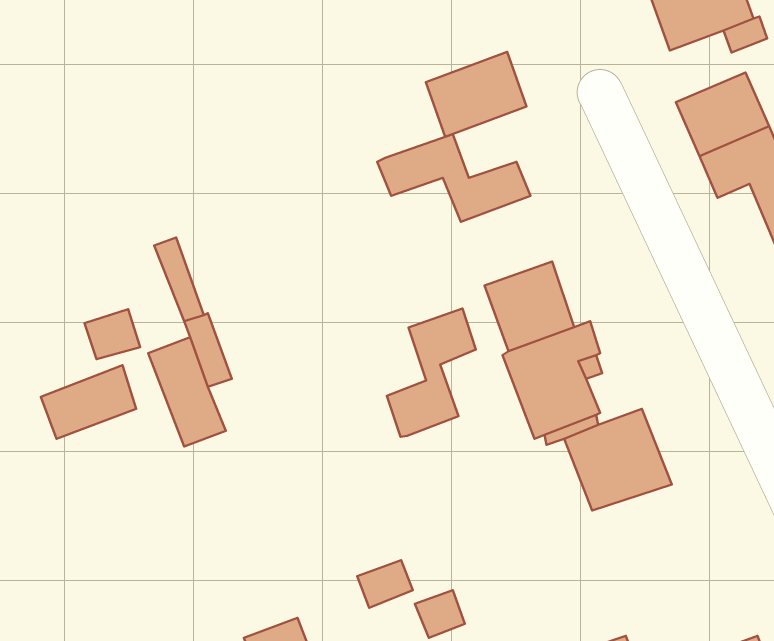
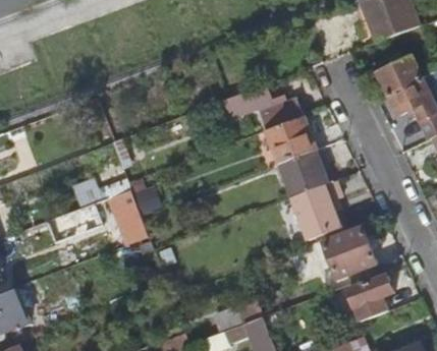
building: [426,52,527,137] -> none
building: none -> [267,117,315,163]
building: [387,309,476,437] -> none
building: none -> [349,276,393,320]

